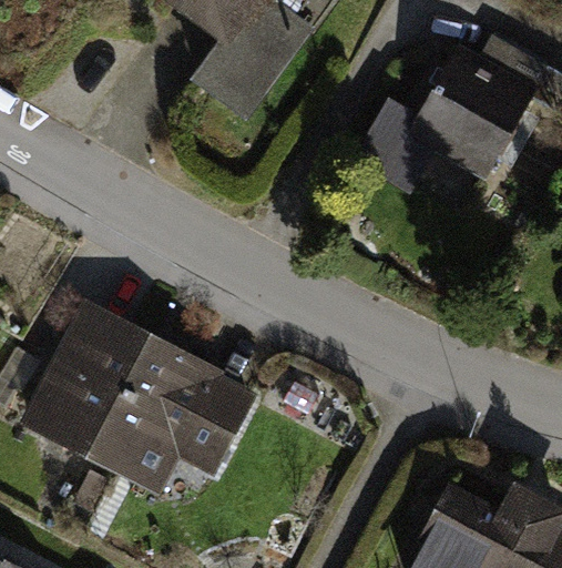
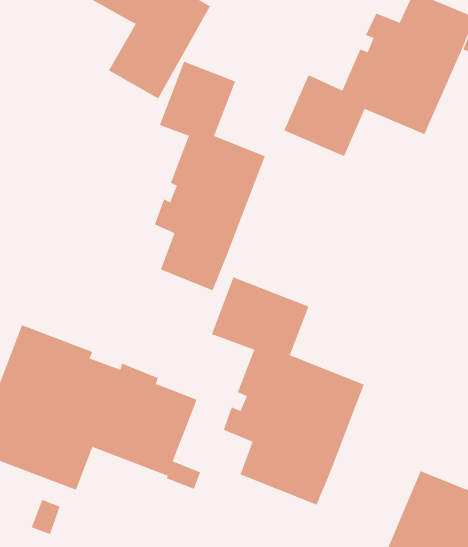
building: none -> [154,61,265,291]
building: none -> [211,277,365,505]

